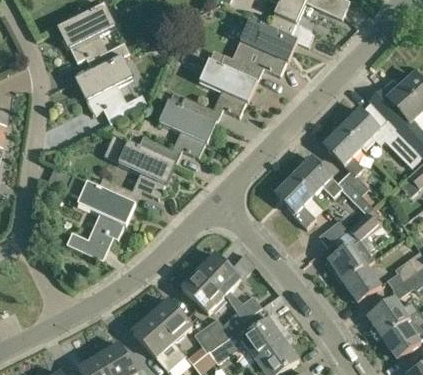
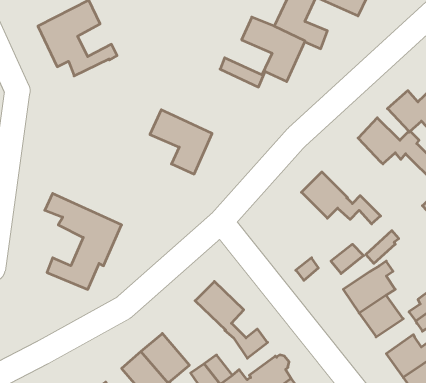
building: [76,55,147,123] -> none
building: [179,59,254,121] -> none
building: [323,125,373,202] -> none
building: [118,141,173,197] -> none
building: [273,173,317,228] -> none
building: [182,267,225,312] -> none

